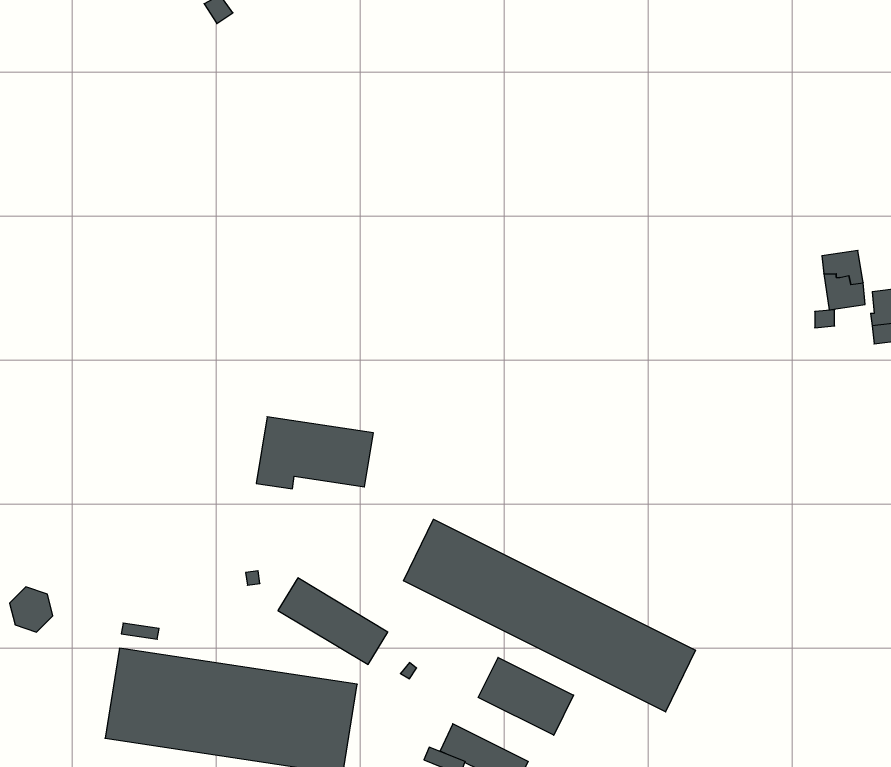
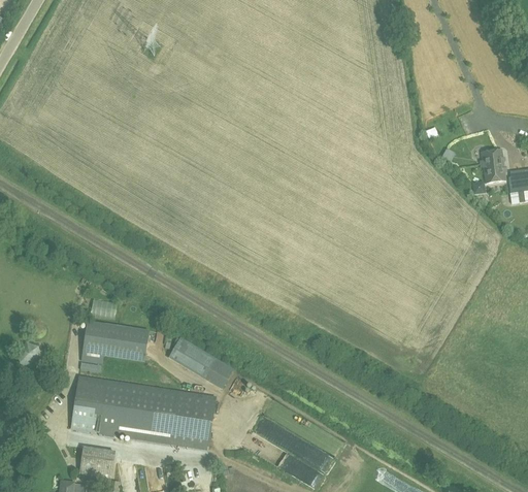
building: [256,417,373,489] -> [81,319,148,360]
building: [404,519,695,712] -> none
building: [478,657,574,735] -> none

